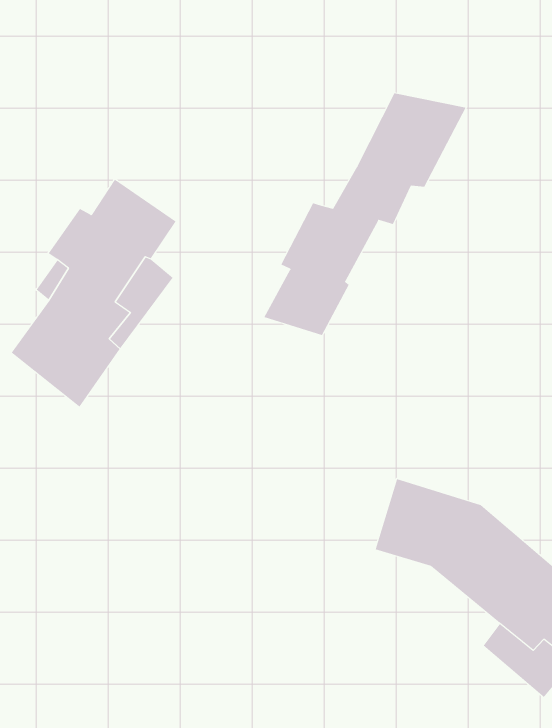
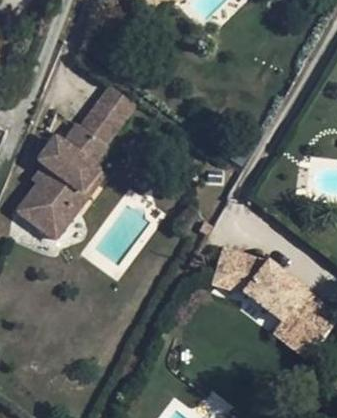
building: [264,93,466,336] -> none
building: none -> [75,85,128,138]

